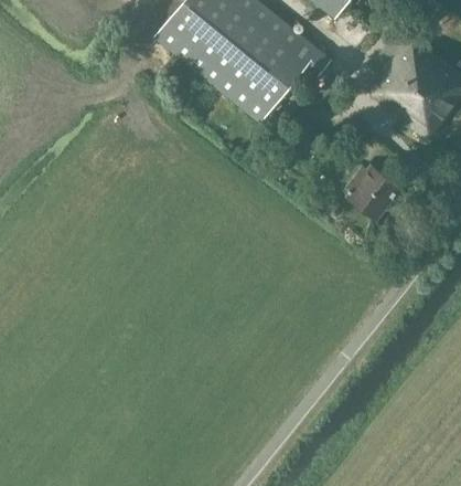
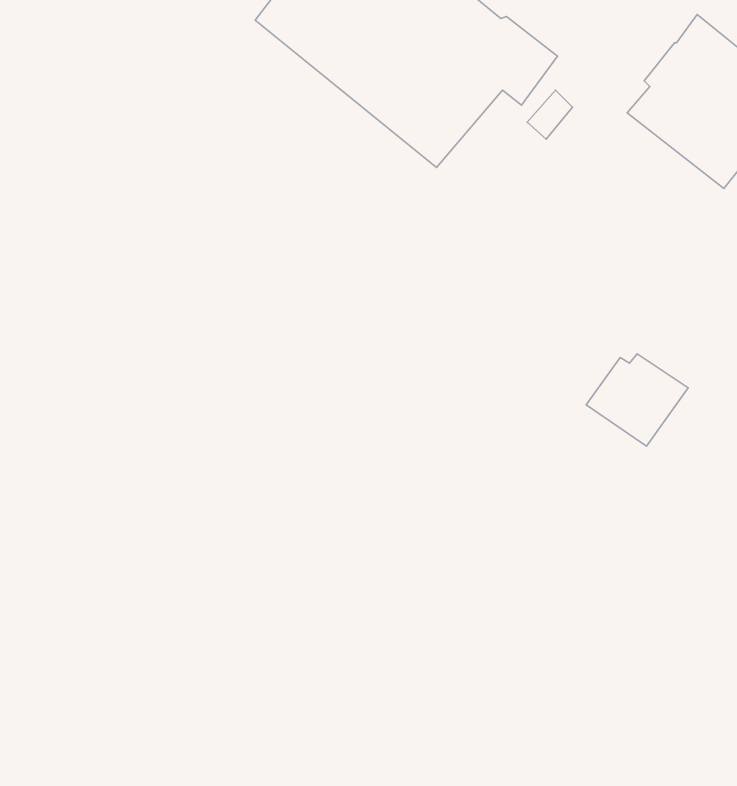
building: [341,162,400,216] -> [586,354,688,446]

